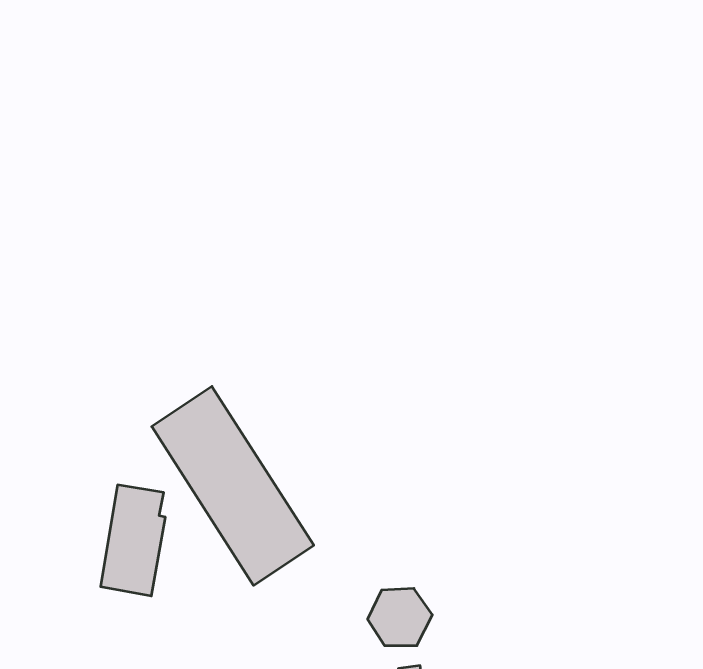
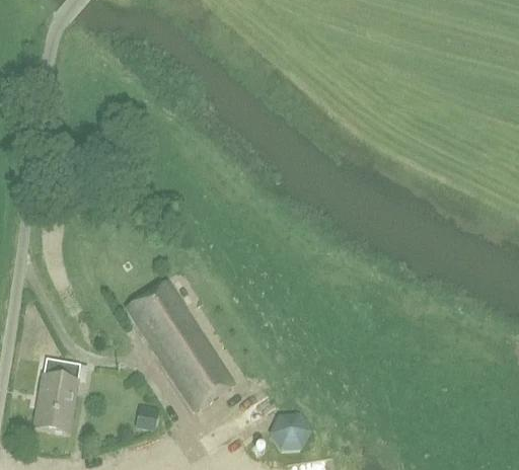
building: [101,485,165,596] -> [35,360,78,433]

